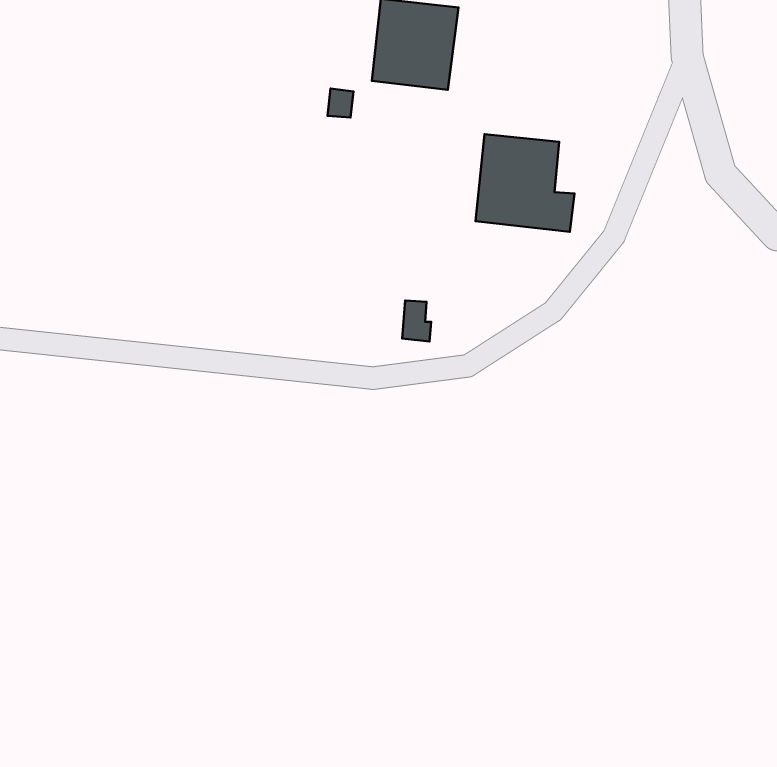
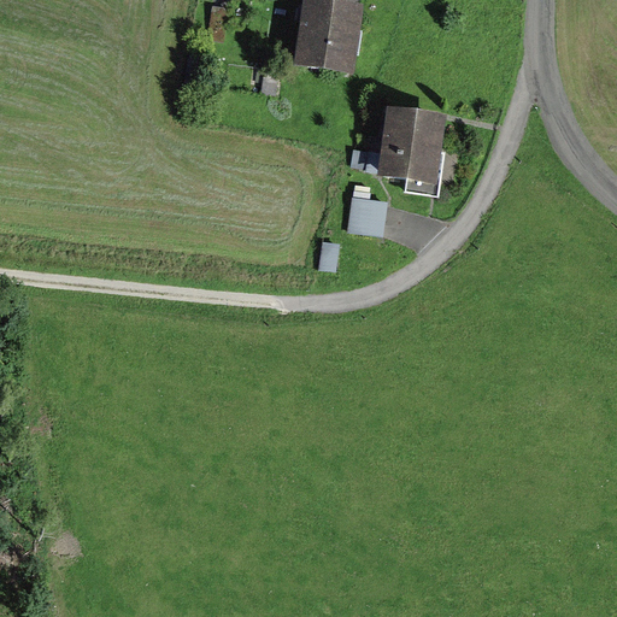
building: none -> [348,182,387,233]

